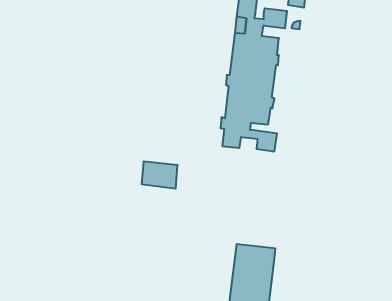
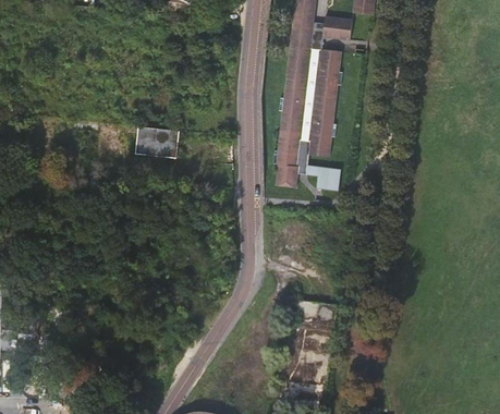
building: [142,162,178,189] -> [136,126,180,159]

